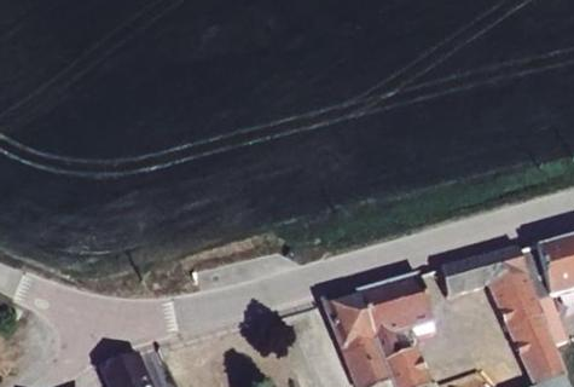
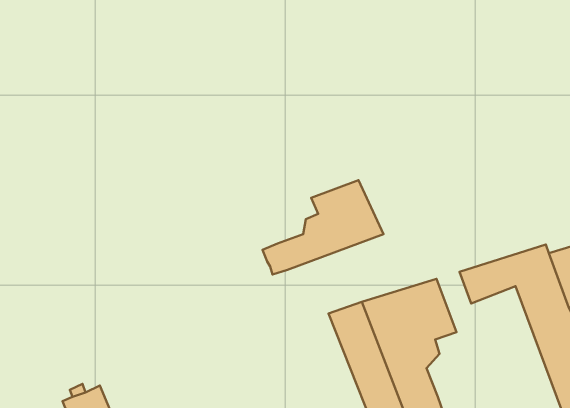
building: none -> [262,180,384,274]

